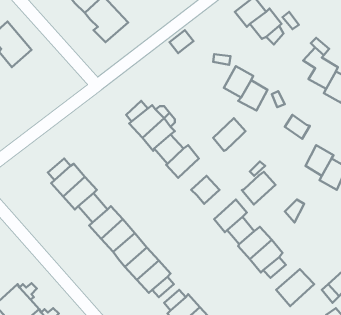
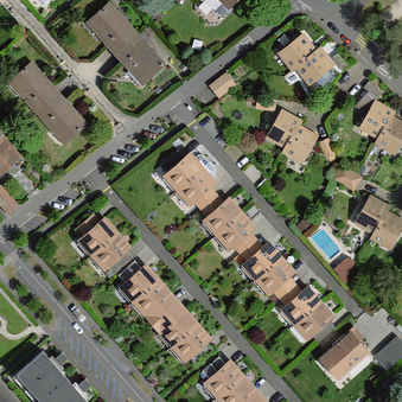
building: none -> [36,95,84,141]
building: [213,118,246,151] -> [217,213,253,249]
building: [242,172,276,204] -> [243,244,280,280]

